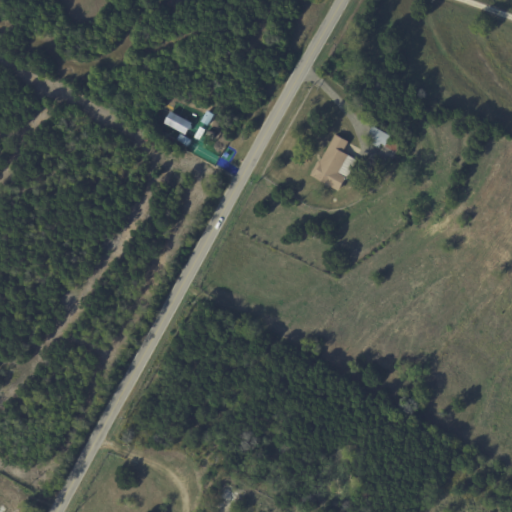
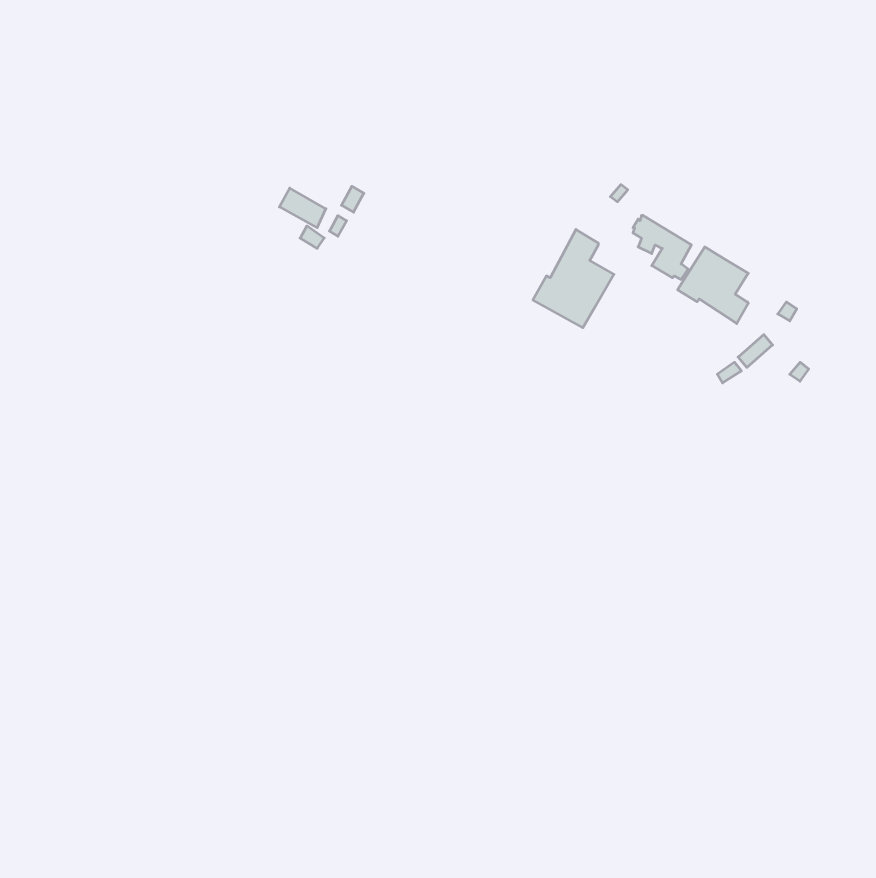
building: none -> [678,247,748,324]

